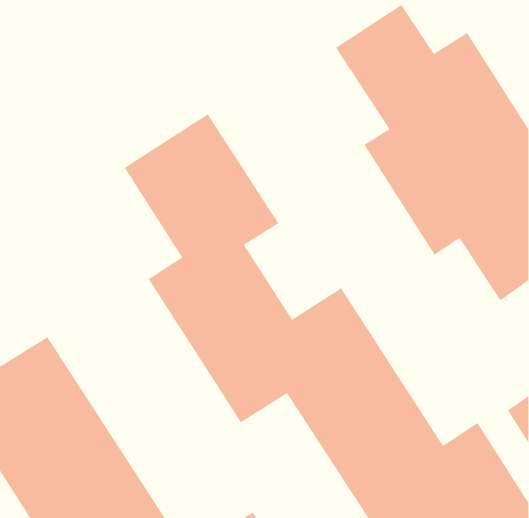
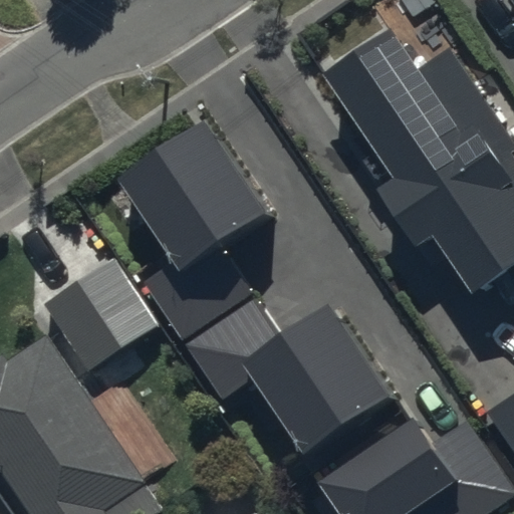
building: none -> [45,261,166,387]

